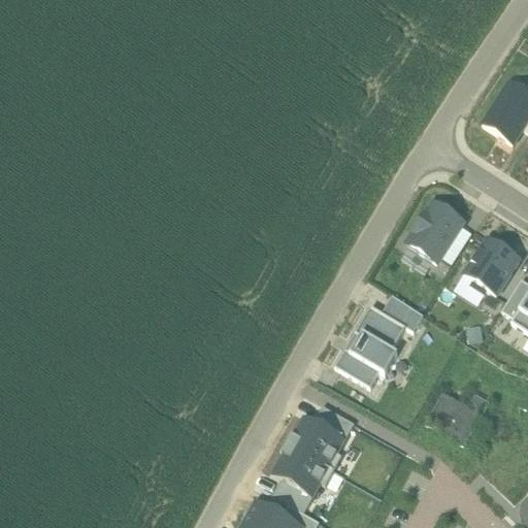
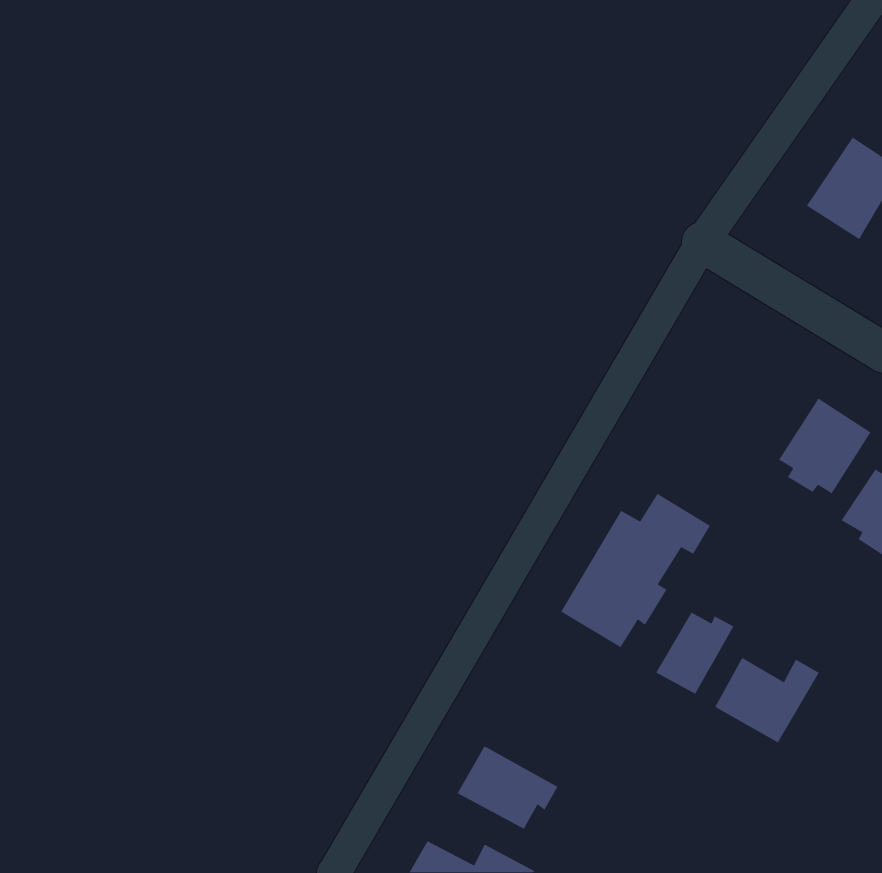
building: [408,202,463,261] -> none
building: none -> [655,611,734,695]
building: [290,416,346,469] -> none

